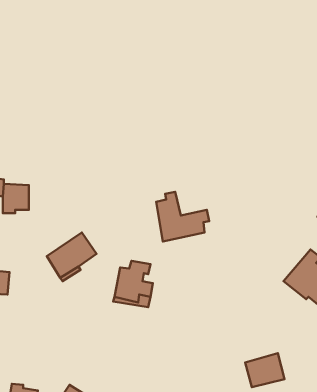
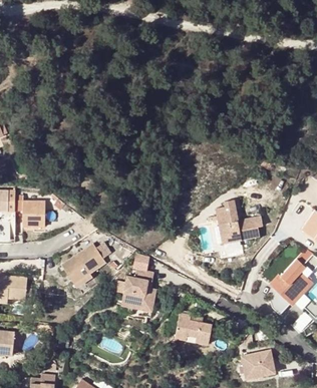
building: [156,192,209,241] -> [215,200,262,244]
building: none -> [175,313,212,345]

